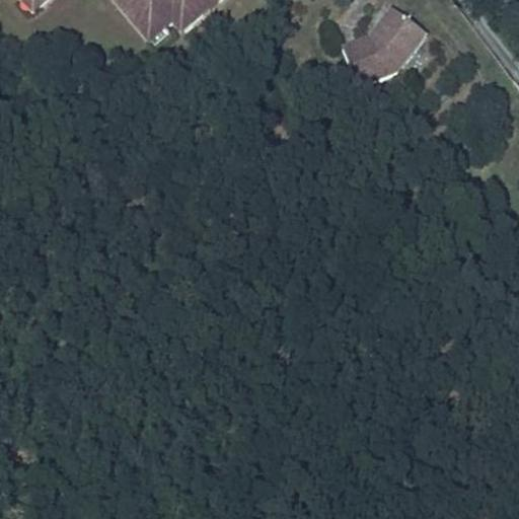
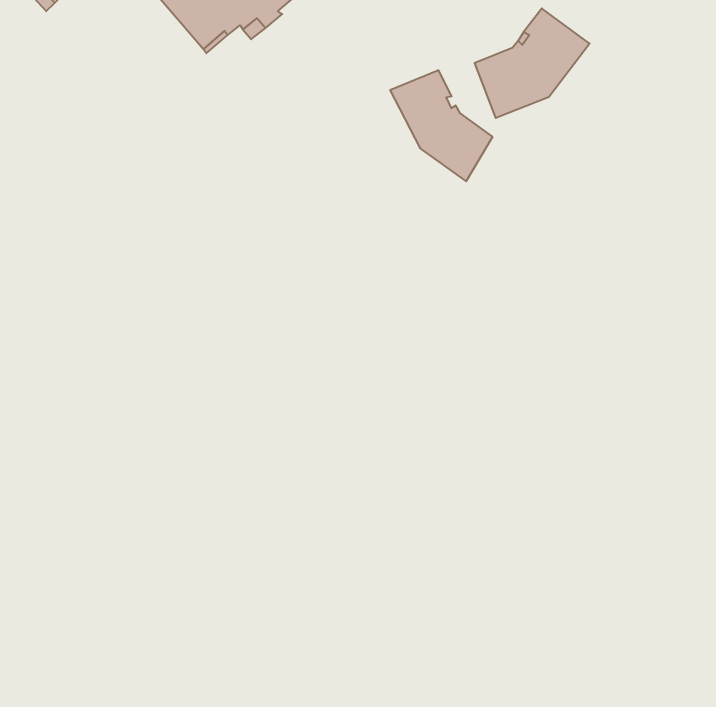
building: none -> [390,70,492,181]

